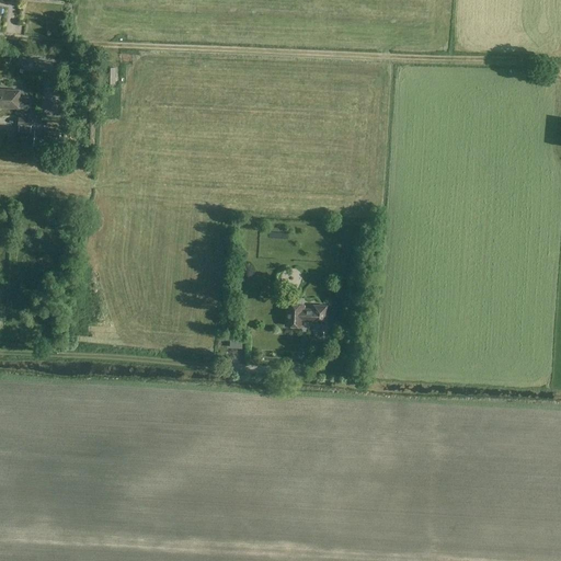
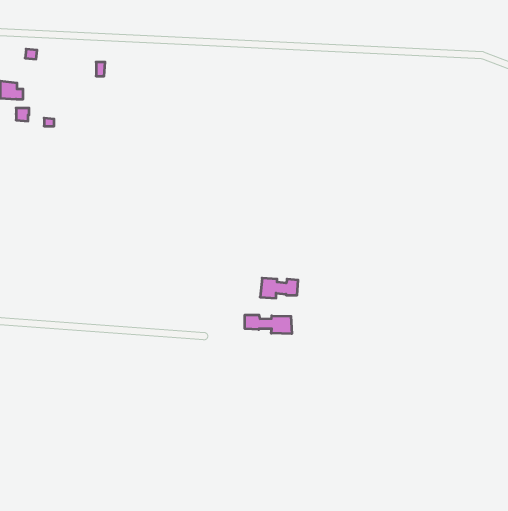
building: none -> [245,315,292,334]

